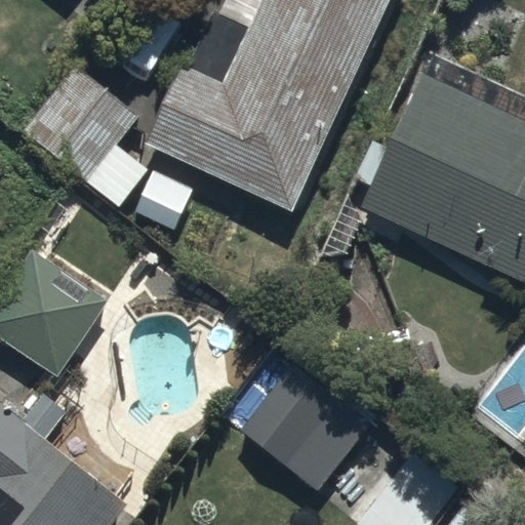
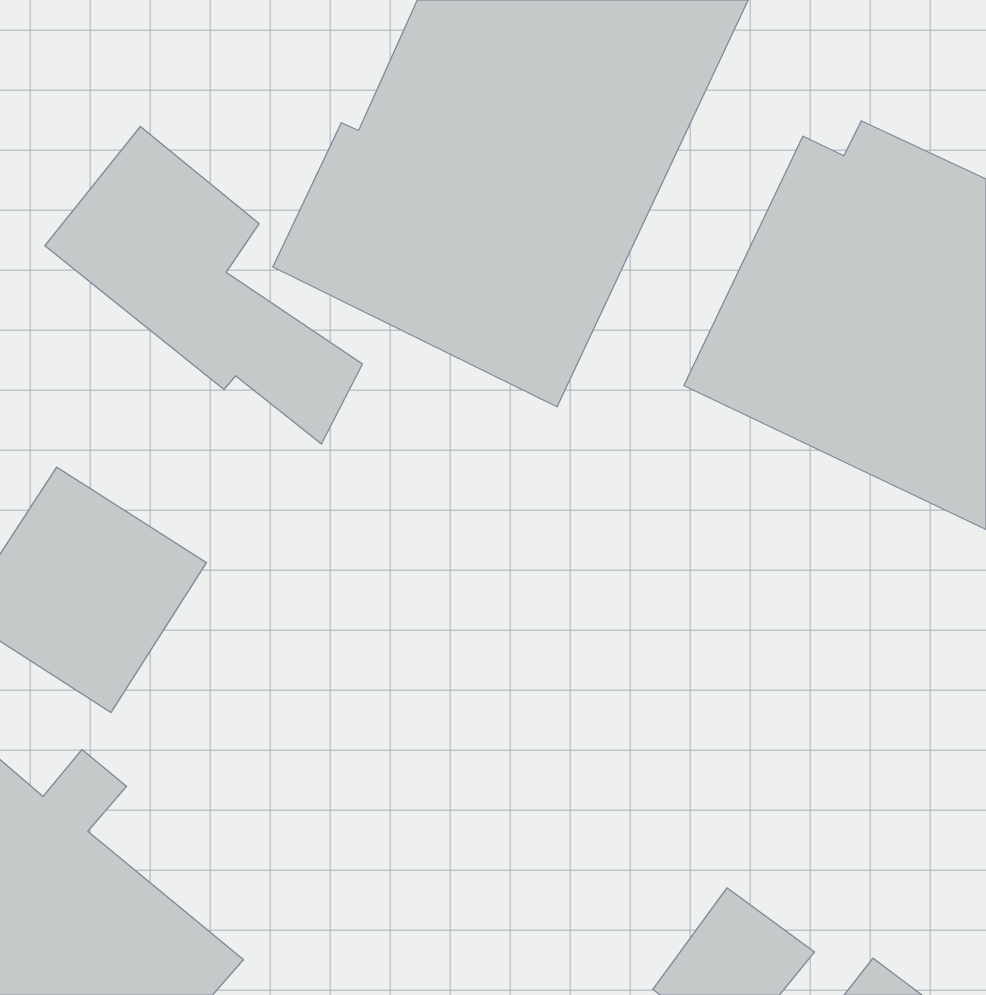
building: [241,362,369,489] -> none

